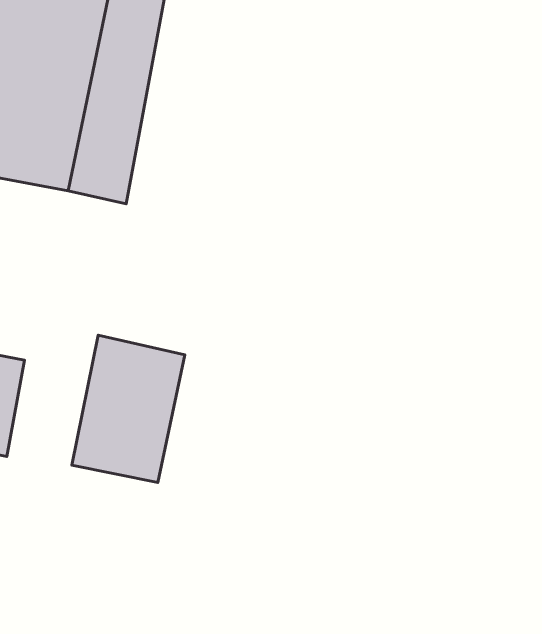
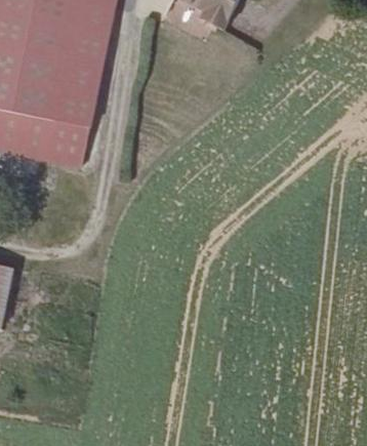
building: [72,335,185,483] -> none

